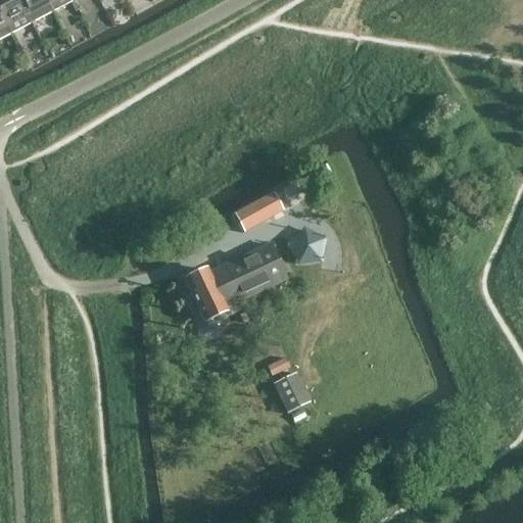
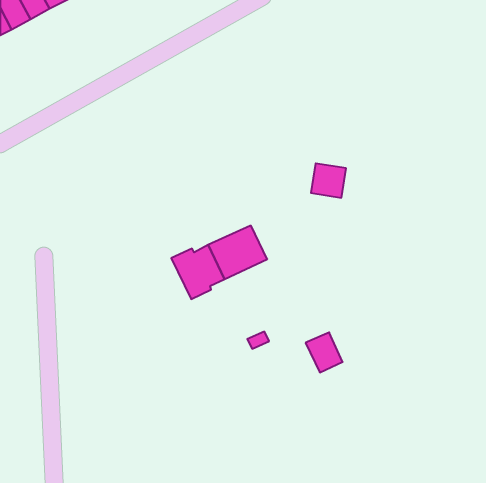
building: [232,195,275,229] -> none
building: [291,224,329,260] -> [311,163,346,198]
building: [271,369,311,412] -> [306,332,343,372]

